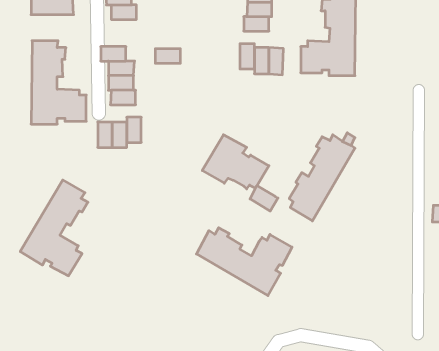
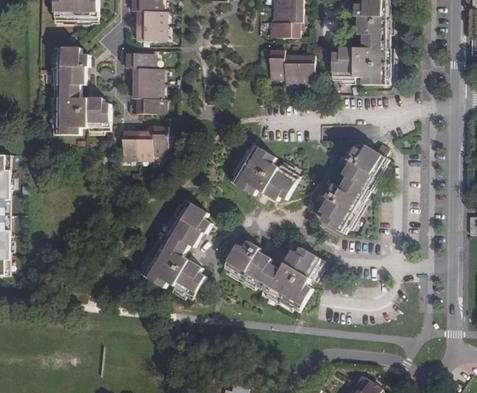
building: [155,49,180,63] -> [136,25,162,40]
building: [20,180,88,276] -> [141,199,211,298]
building: [250,186,278,211] -> none

